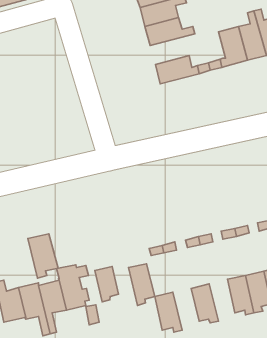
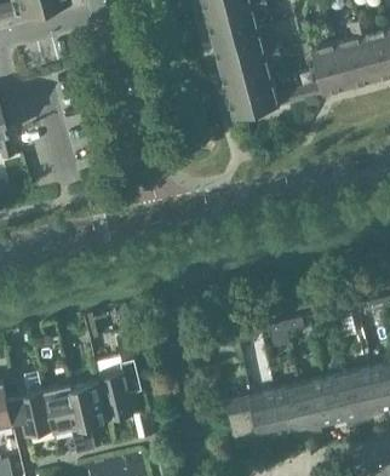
building: none -> [220,53,282,94]
building: [28,234,58,278] -> none
building: [128,264,155,306] -> [251,392,286,448]
building: [95,266,119,302] -> none
building: none -> [299,380,333,436]

